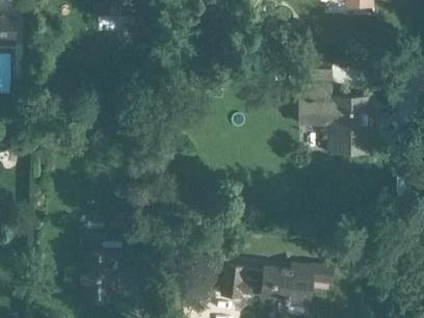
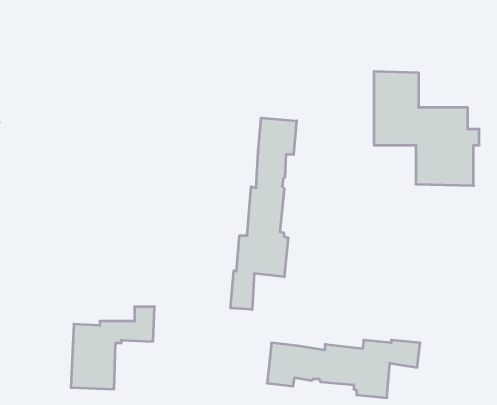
building: none -> [231,118,297,310]

